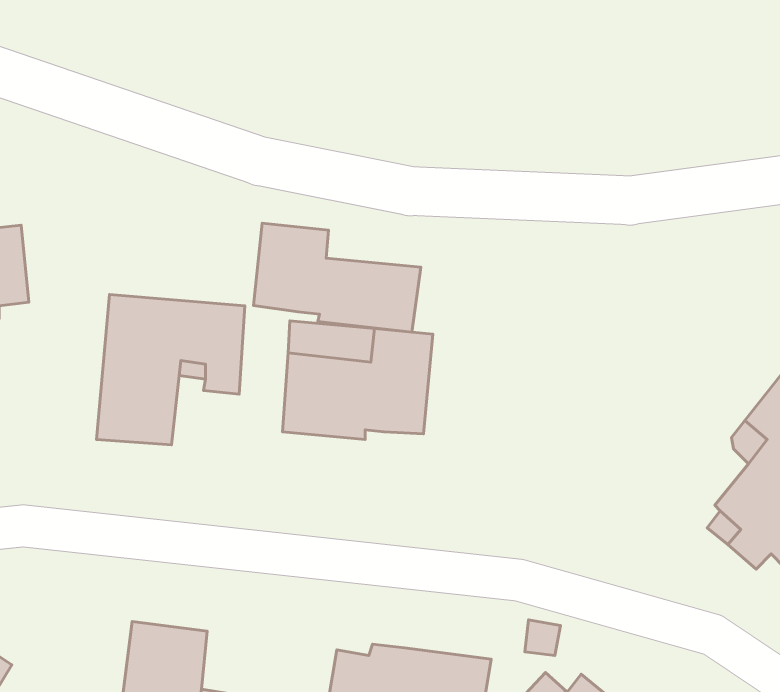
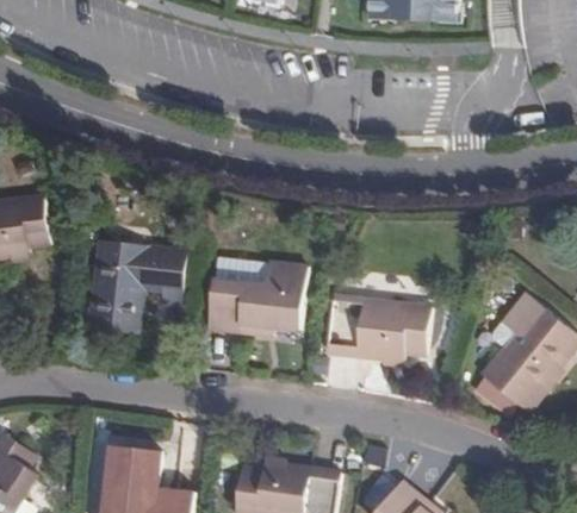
building: [253,223,421,332] -> none
building: none -> [323,295,427,358]

